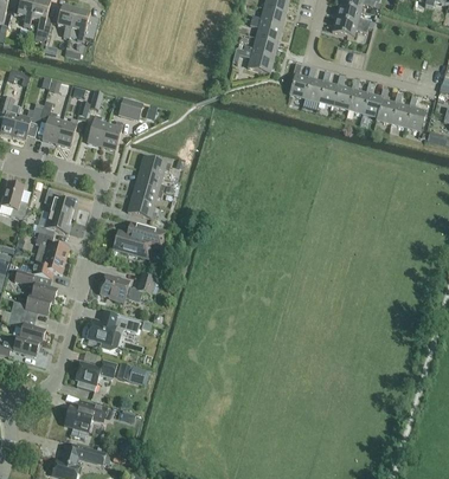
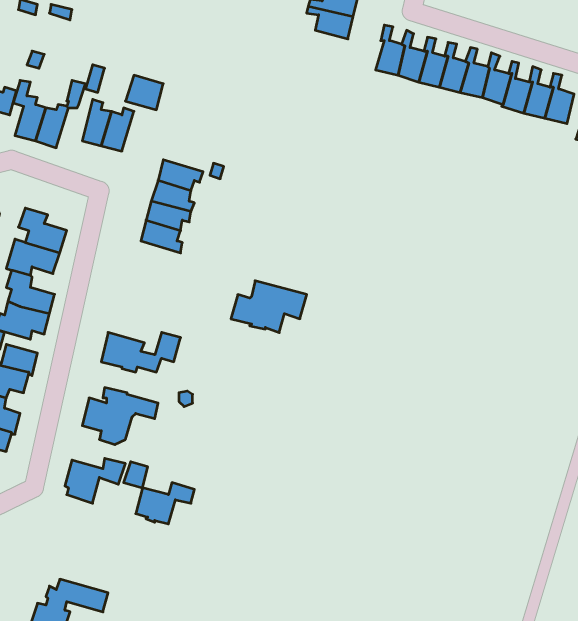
building: [114,221,166,257] -> [231,281,307,333]
building: [66,402,107,431] -> [136,483,194,524]

